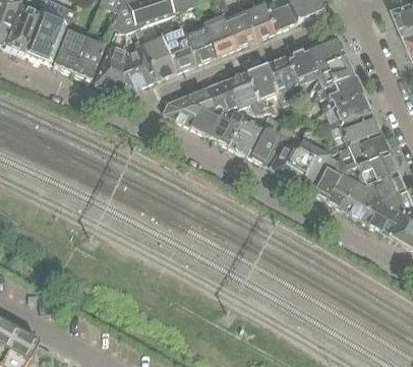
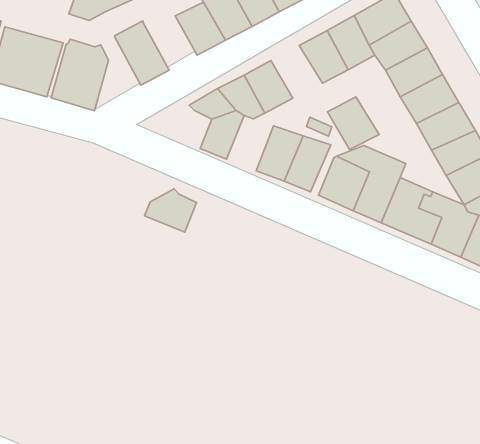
building: [162,25,196,68] -> none
building: [122,42,156,90] -> none
building: [246,61,280,97] -> [328,97,379,150]
building: [165,94,201,124] -> [144,189,197,232]
building: [209,105,243,143] -> none

